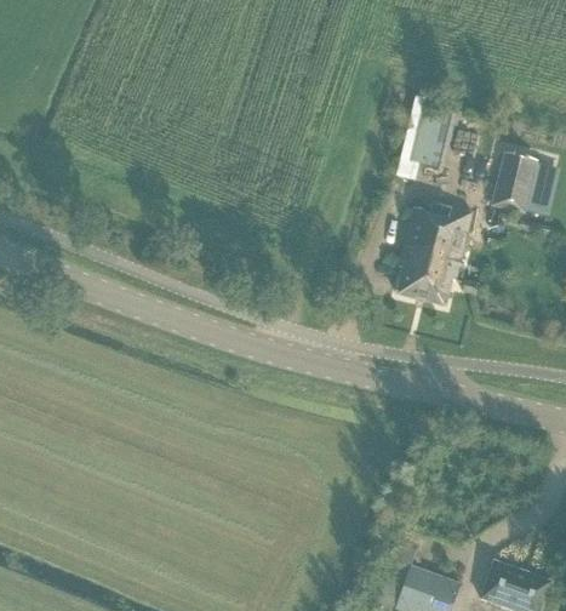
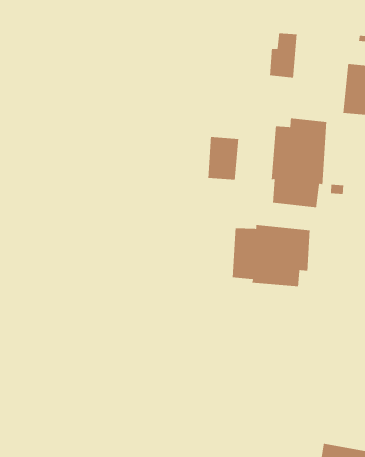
building: none -> [207,136,239,181]
building: none -> [232,224,310,287]

